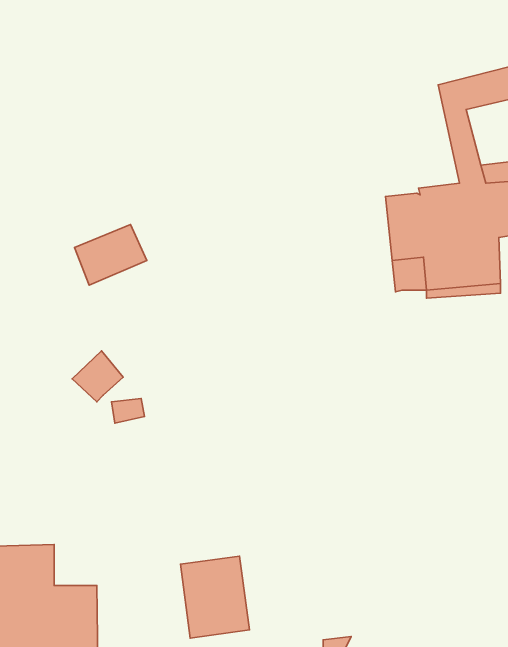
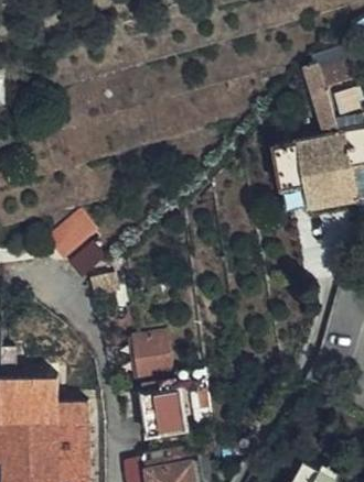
building: [75,224,147,285] -> [52,215,100,255]
building: none -> [133,333,170,380]

